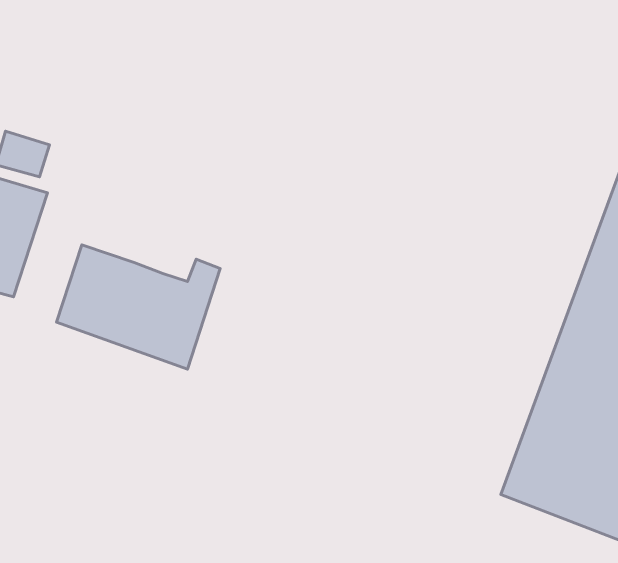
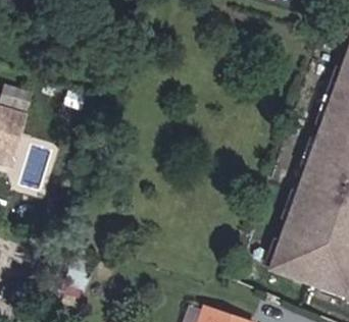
building: [57,245,220,369] -> none

